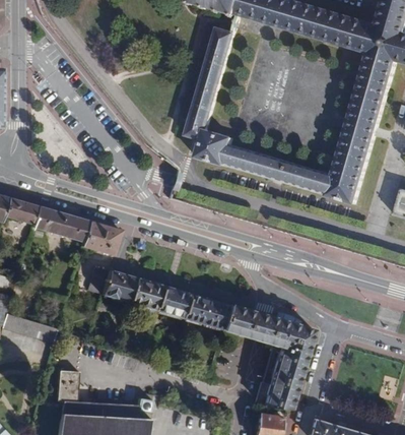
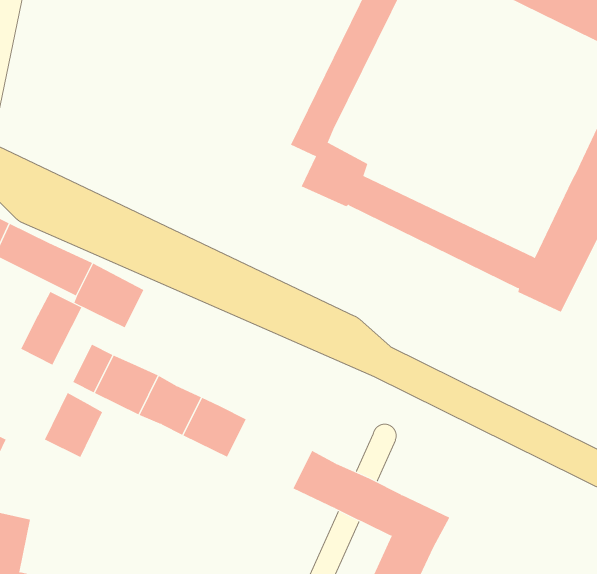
building: none -> [21,291,82,365]
building: [182,294,228,328] -> none
building: none -> [44,392,103,458]

